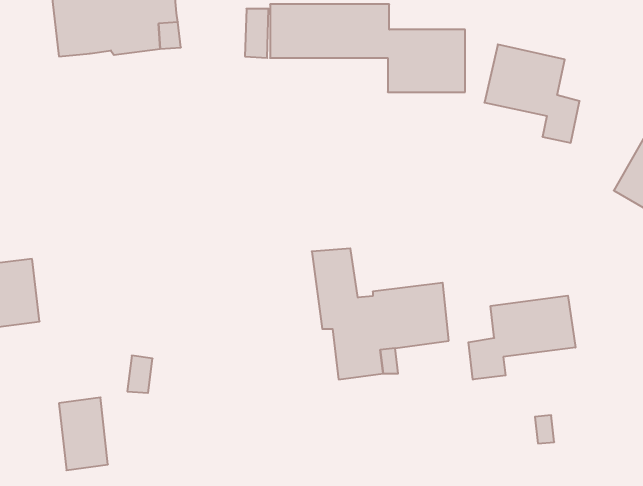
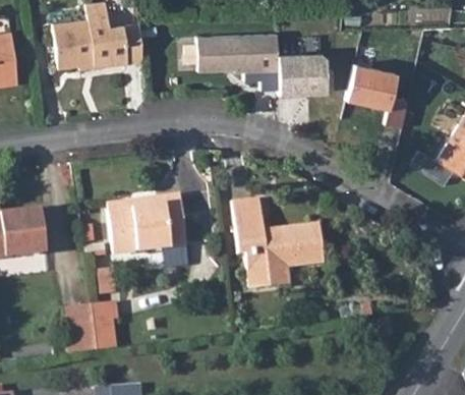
building: none -> [106,198,183,255]
building: [468,296,575,380] -> none
building: none -> [88,300,113,348]

